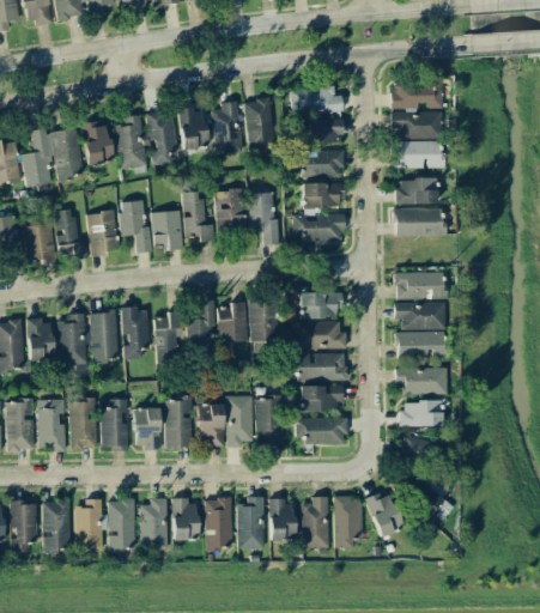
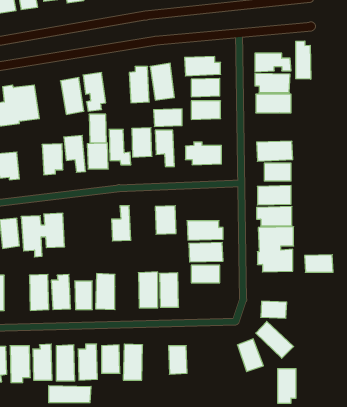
building: none -> [296,41,311,79]
building: [181,109,206,150] -> [89,114,107,143]
building: [80,121,114,166] -> none
building: [398,178,436,204] -> [264,163,291,181]
building: [302,182,342,207] -> [154,109,182,126]
building: [54,210,87,260] -> none
building: [301,292,341,317] -> none
building: [218,304,248,342] -> none
building: [123,308,150,359] -> none
building: [156,314,184,352] -> none
building: [38,400,65,451] -> none
building: [400,401,441,426] -> [305,255,333,272]
building: [199,403,224,447] -> none
building: [296,417,346,443] -> none
building: [236,497,263,550] -> none
building: [301,497,328,547] -> none
building: [334,498,360,547] -> [278,369,296,403]
building: none -> [49,386,91,403]

